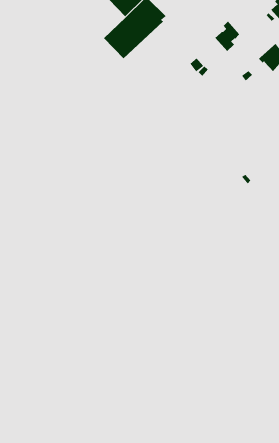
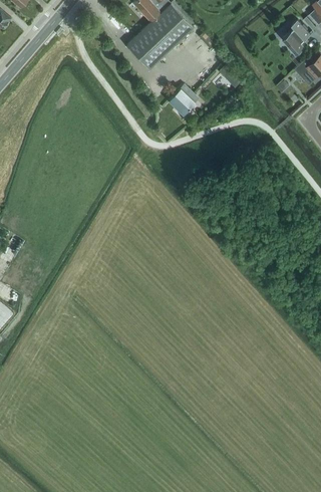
building: [214,20,240,52] -> [284,19,312,53]
building: none -> [170,84,197,113]

